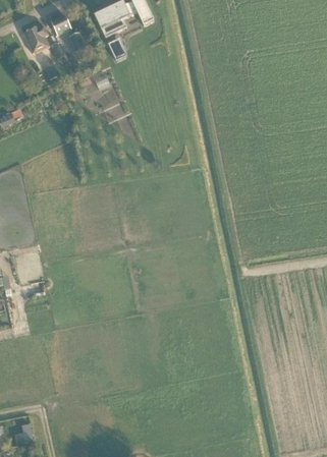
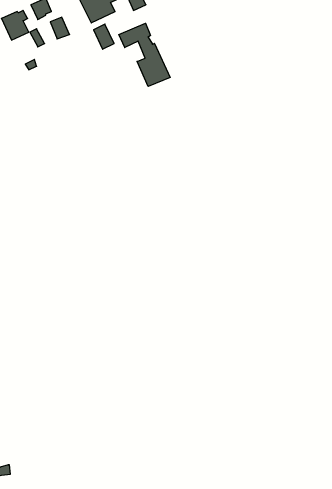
building: none -> [119,23,170,86]

